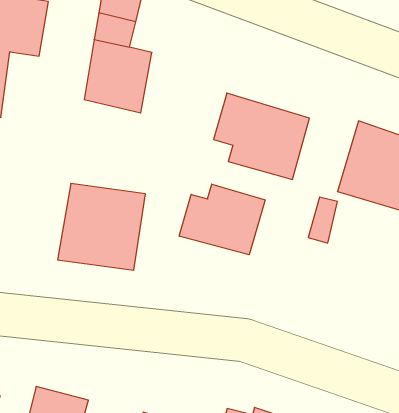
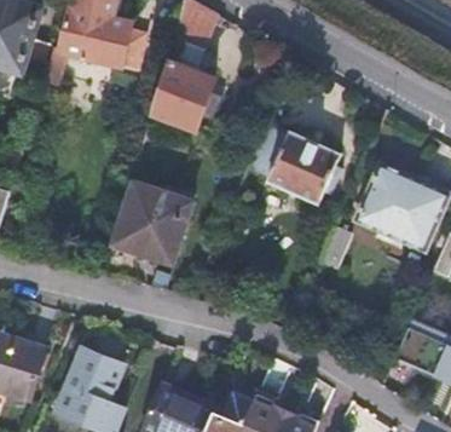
building: [179,184,265,255] -> none

